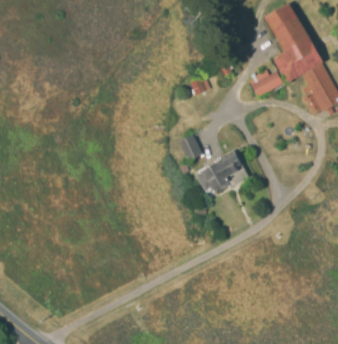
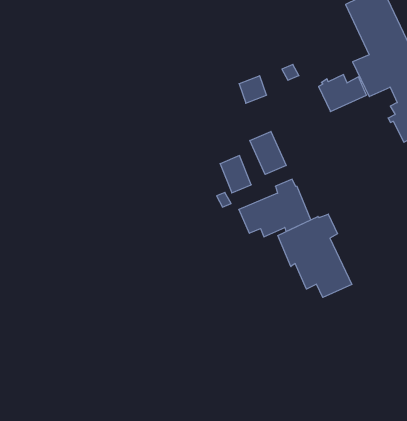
building: none -> [250,131,286,174]
building: none -> [278,214,352,297]

